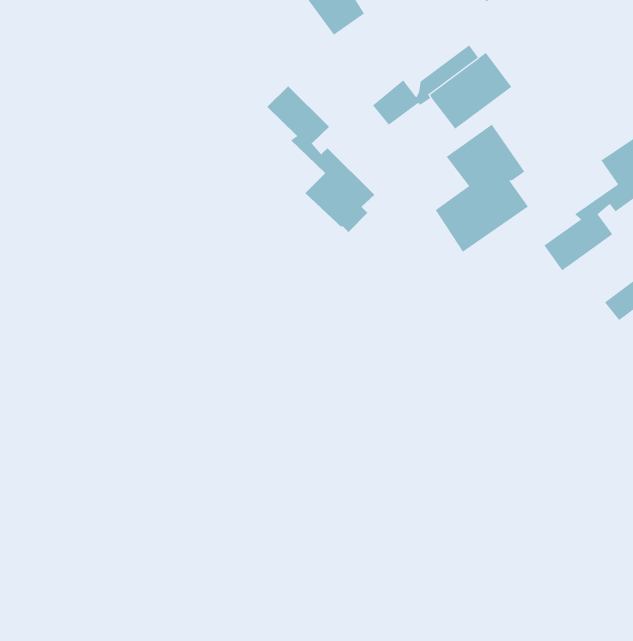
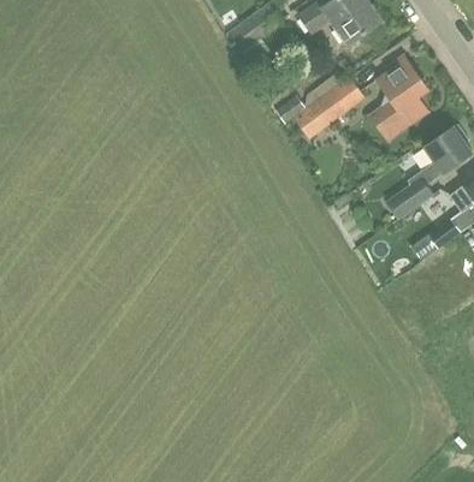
building: [266,86,375,233] -> none
building: [435,124,529,253] -> [368,58,429,142]

